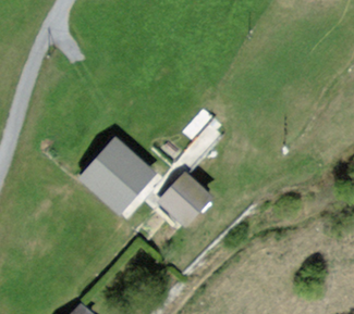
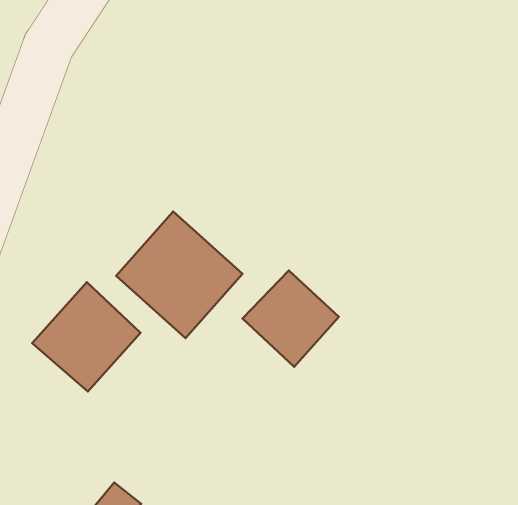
building: none -> [32,282,141,391]

